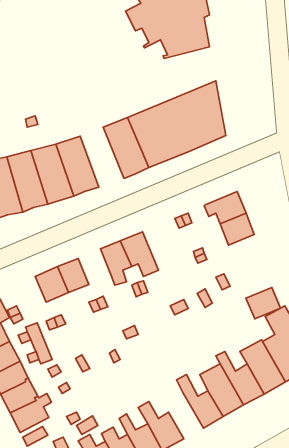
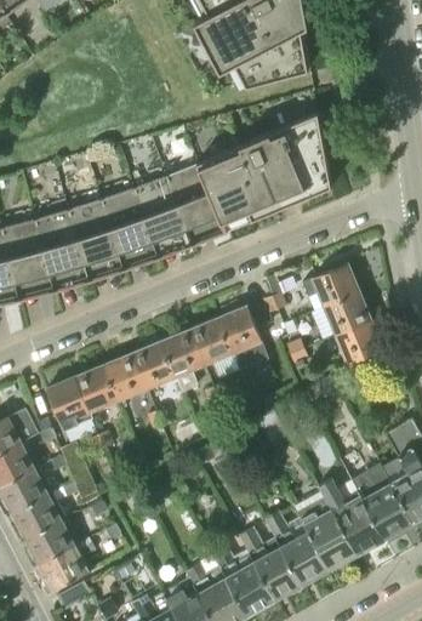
building: none -> [132,176,192,257]
building: none -> [217,306,267,370]
building: none -> [130,341,175,389]
building: none -> [44,378,90,432]
building: [246,288,281,319] -> [333,321,381,364]
building: none -> [236,529,300,599]

